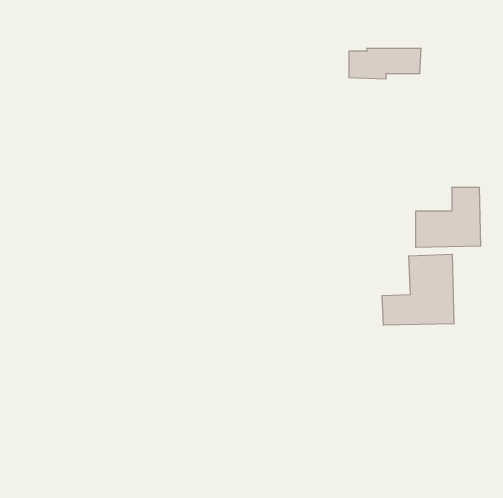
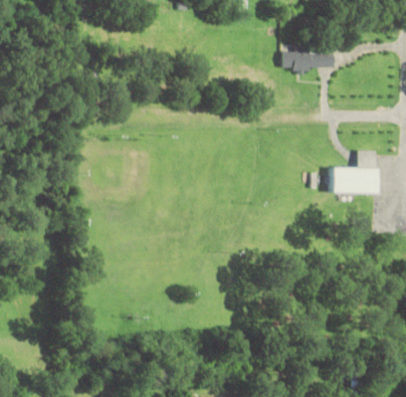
building: [382,254,454,325] -> none

